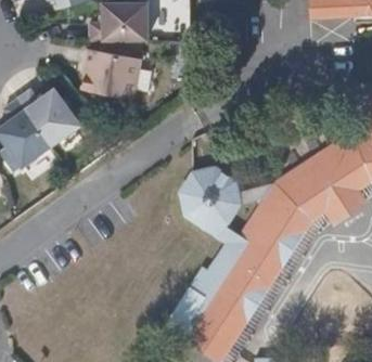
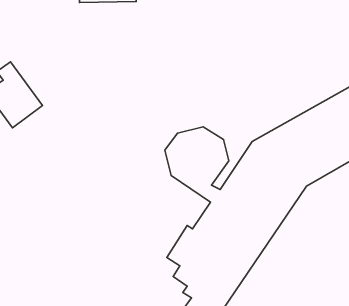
building: [85,47,143,96] -> none
building: [22,88,81,143] -> none

